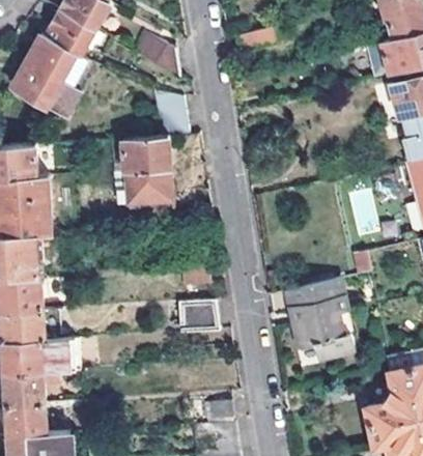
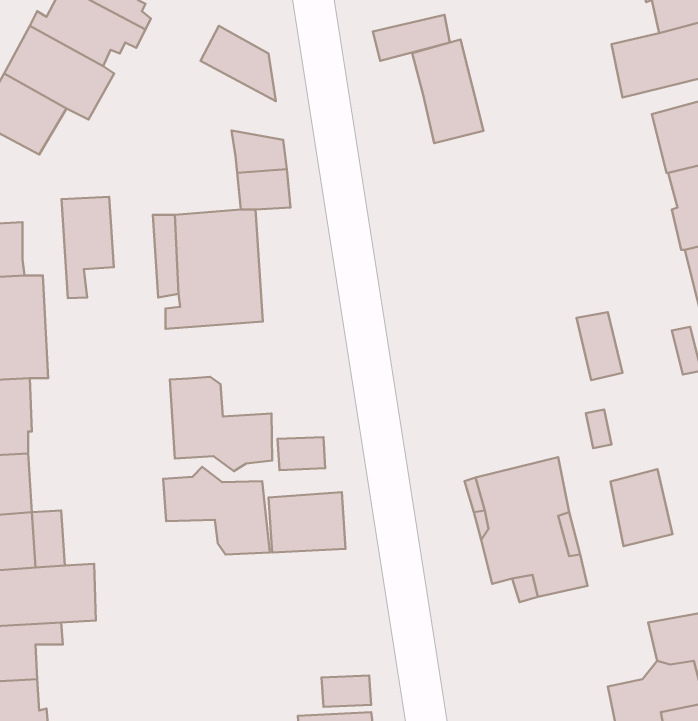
building: none -> [412,39,483,143]
building: none -> [61,197,114,298]
building: none -> [170,377,272,471]
building: none -> [163,467,270,555]
building: none -> [610,469,672,546]

